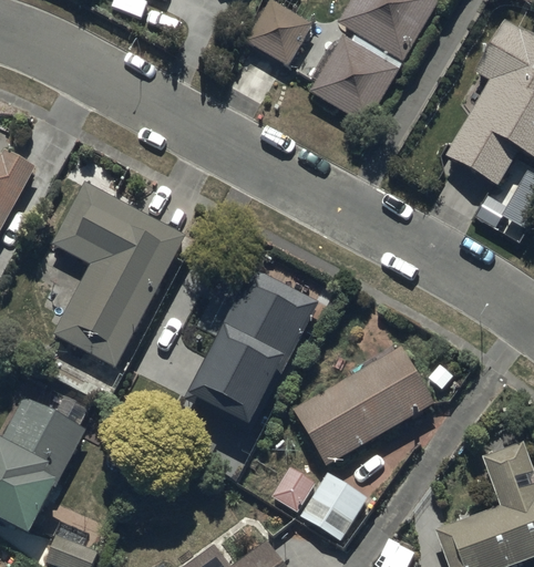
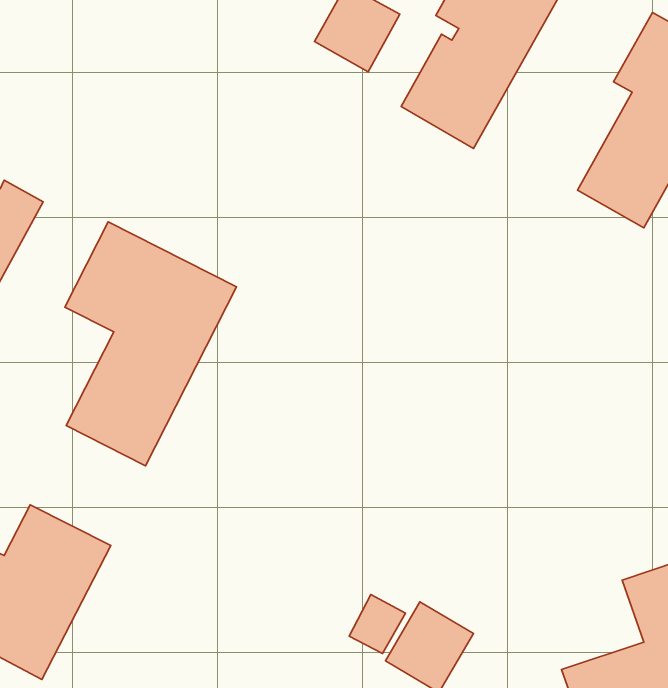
building: [189,268,318,420] -> none
building: [294,347,437,466] -> none

